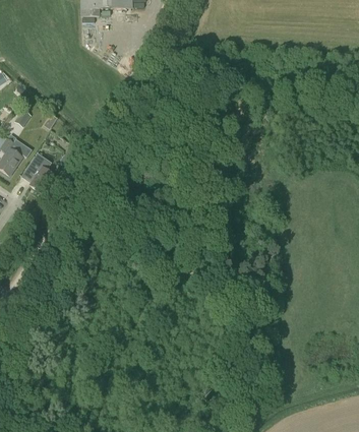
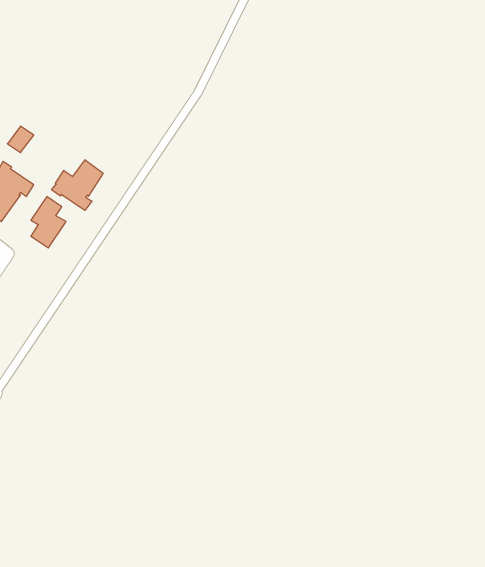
building: none -> [52,160,103,210]

